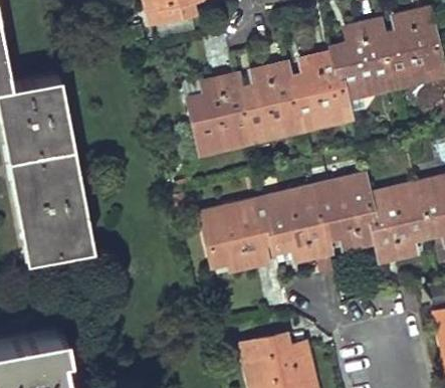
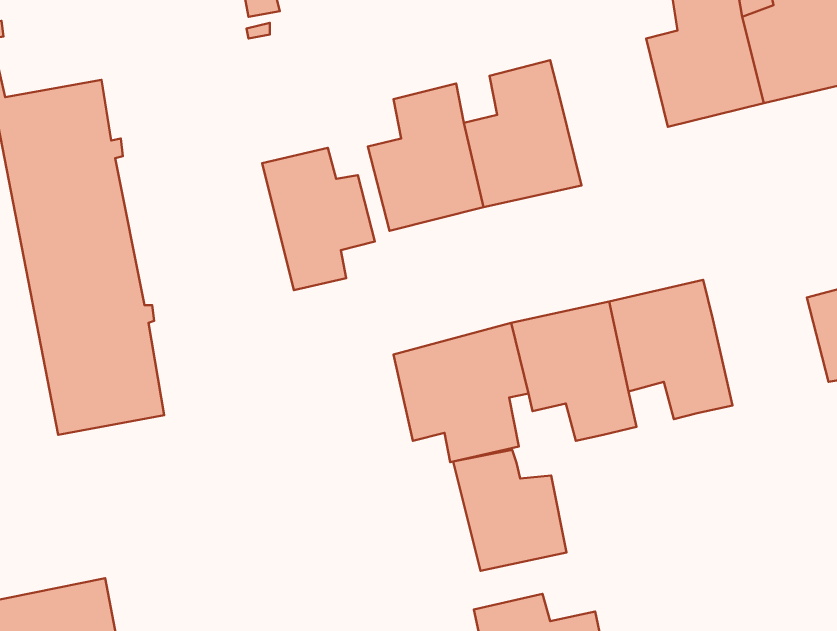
building: [290,54,350,130] -> none
building: none -> [262,148,375,290]
building: [369,187,428,261] -> none
building: none -> [453,450,566,571]

